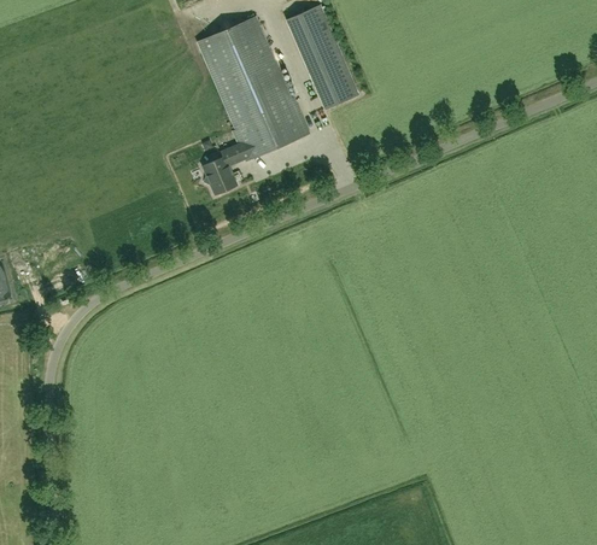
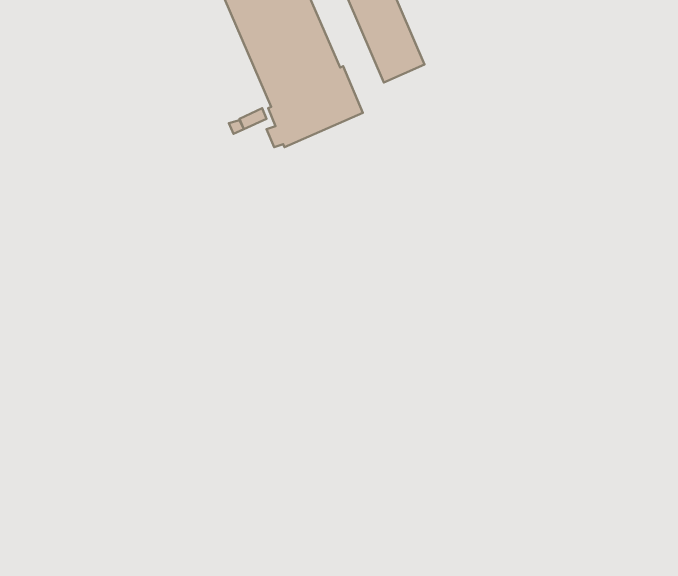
building: [203,146,238,194] -> none

